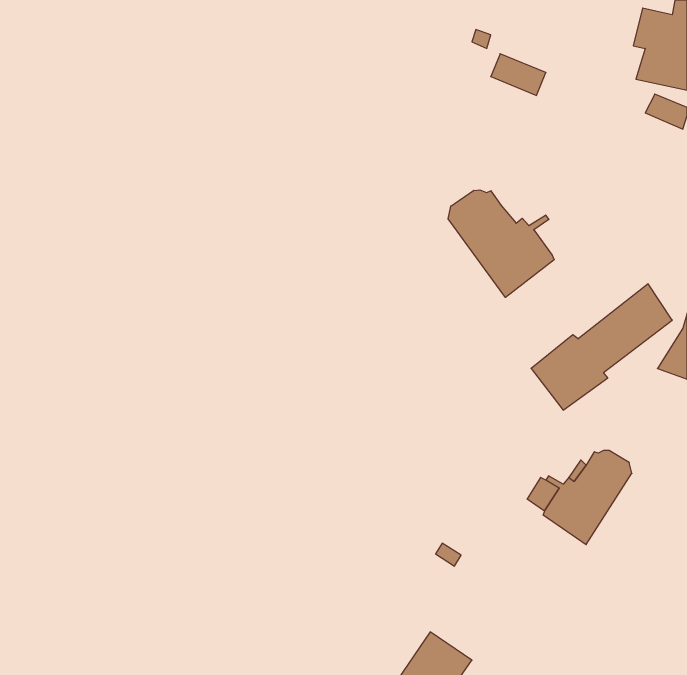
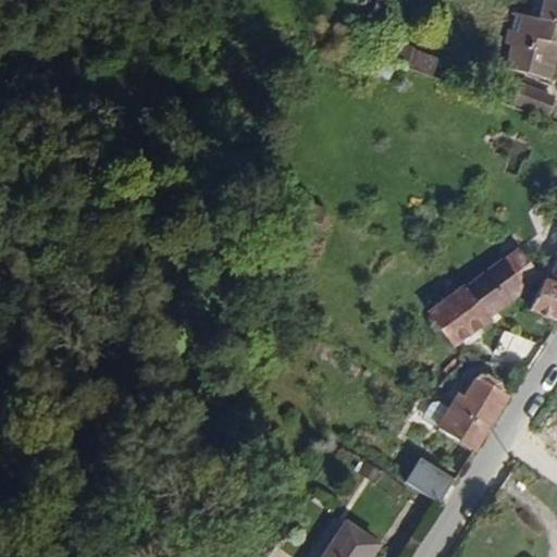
building: [448,190,554,297] -> none
building: none -> [400,456,454,504]

